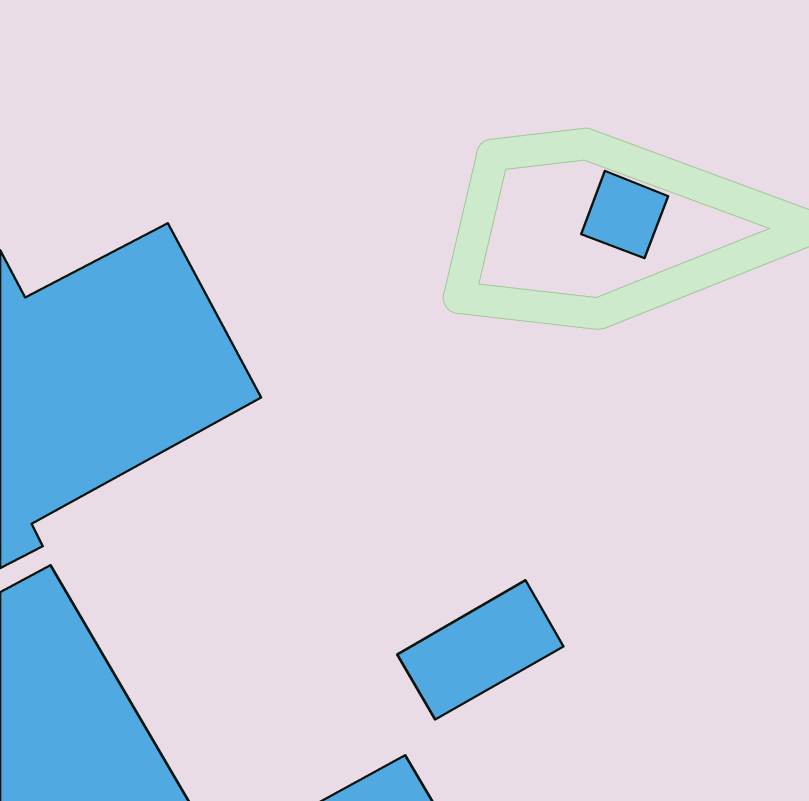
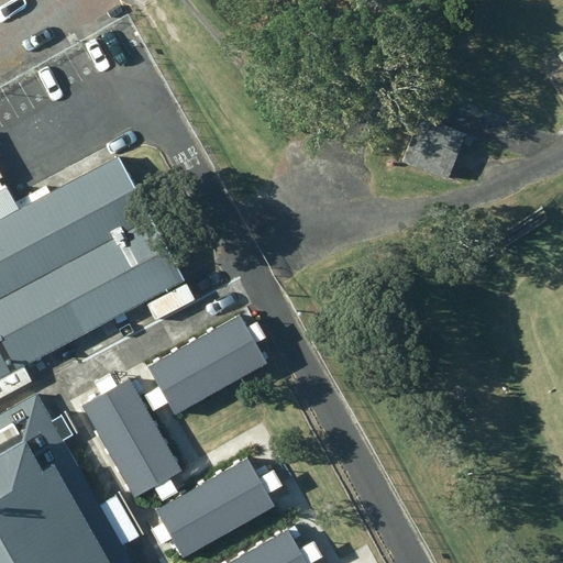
building: none -> [147,314,264,411]
building: none -> [81,379,178,495]
building: [397,580,563,719] -> [156,459,272,555]

